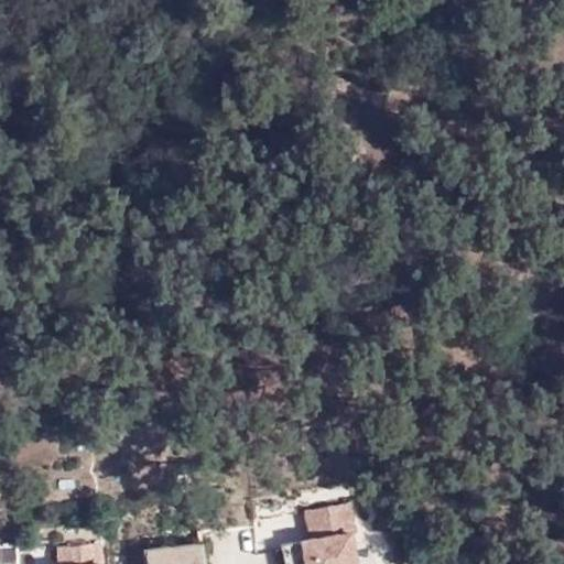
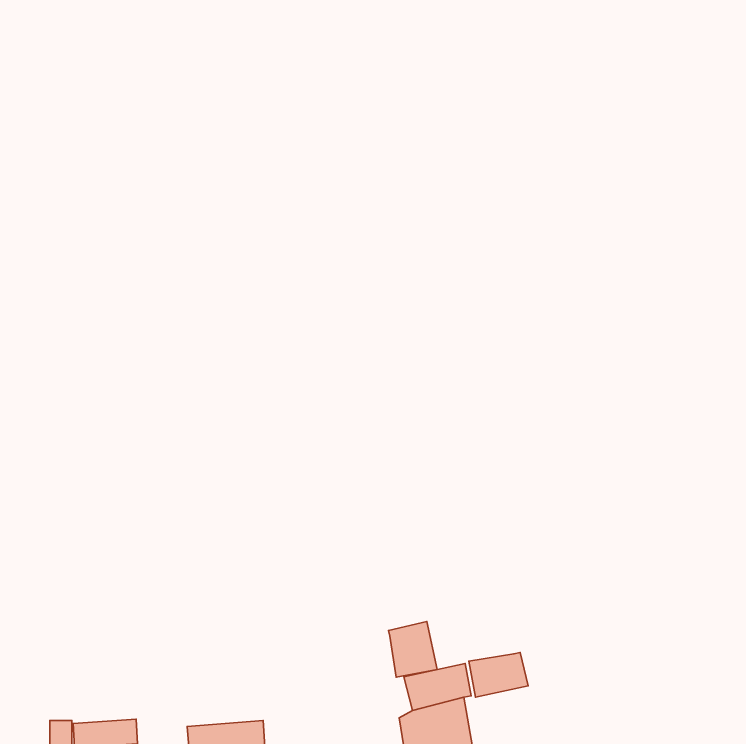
building: none -> [389,621,437,677]
building: none -> [469,652,528,697]

